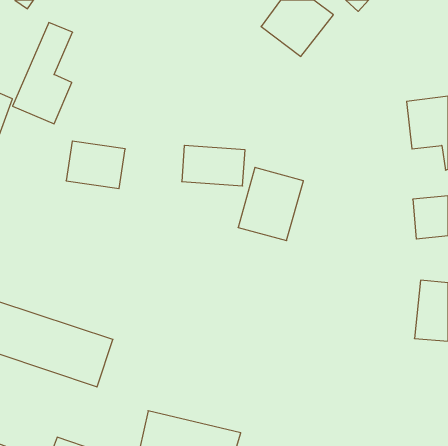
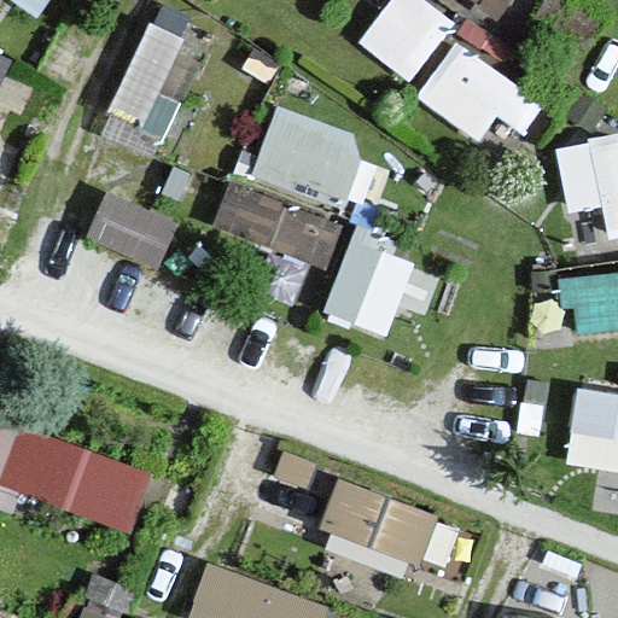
building: [13,23,73,124] -> [100,21,182,159]
building: none -> [412,37,546,142]
building: none -> [251,106,368,208]
building: none -> [319,477,443,571]

